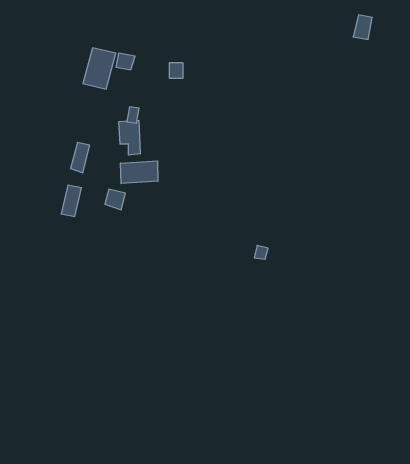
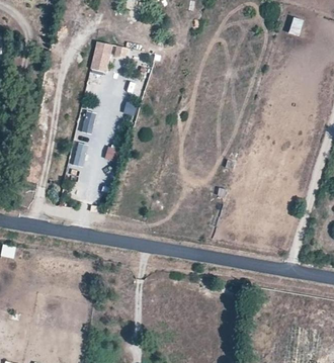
building: [121,161,158,184] -> none

